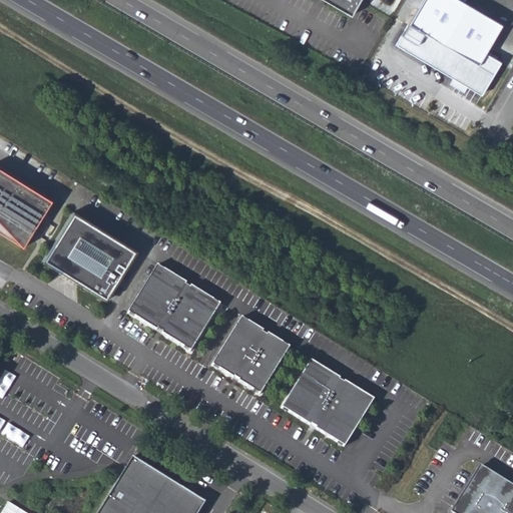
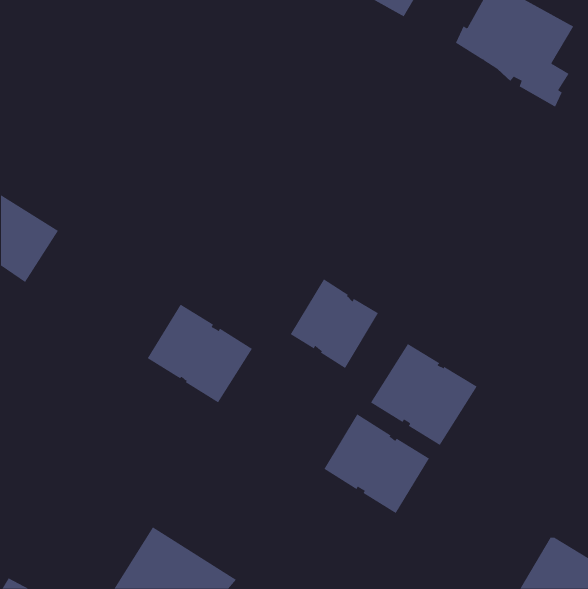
building: [46,211,137,297] -> none
building: none -> [370,343,478,446]
building: [213,316,291,394] -> [290,279,379,369]

